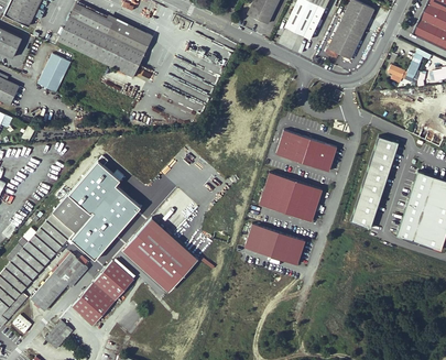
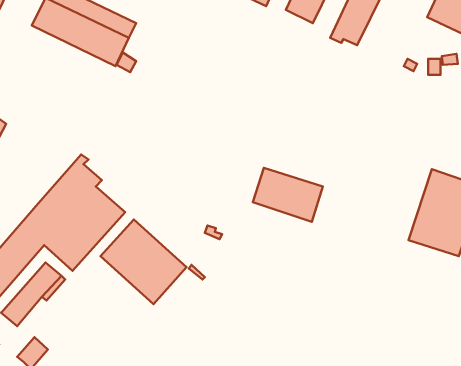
building: [39,54,70,92] -> none
building: [275,129,336,170] -> none
building: [350,135,399,227] -> none
building: [246,222,305,263] -> none
building: [73,260,134,325] -> none

